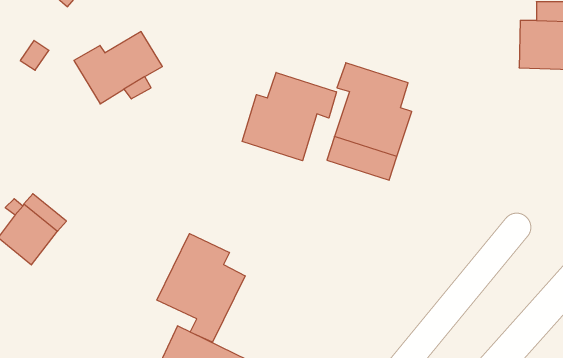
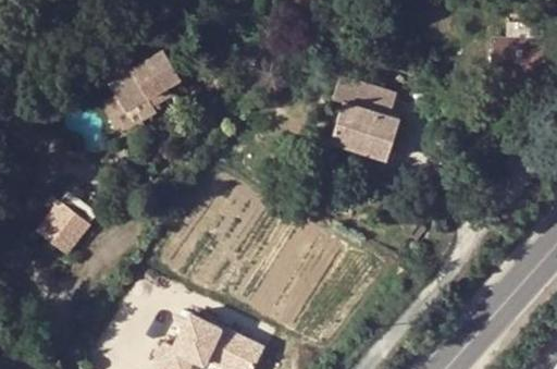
building: [242,72,336,161] -> none
building: [157,234,245,342] -> none

